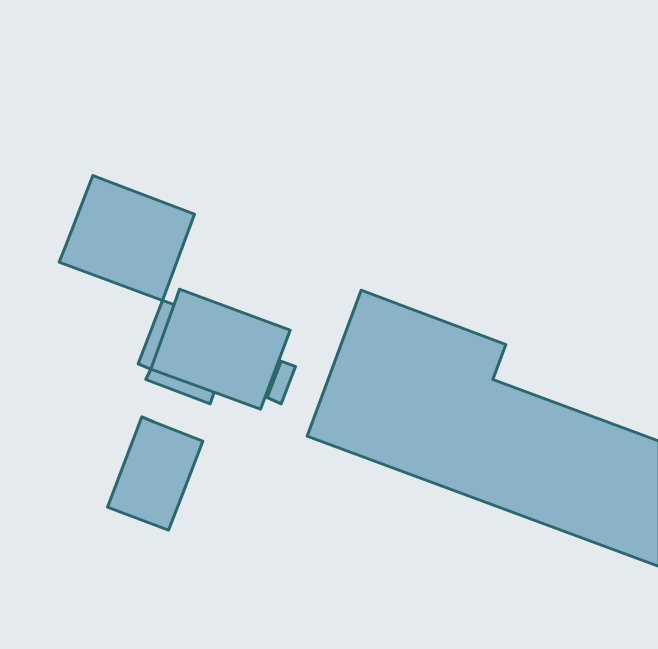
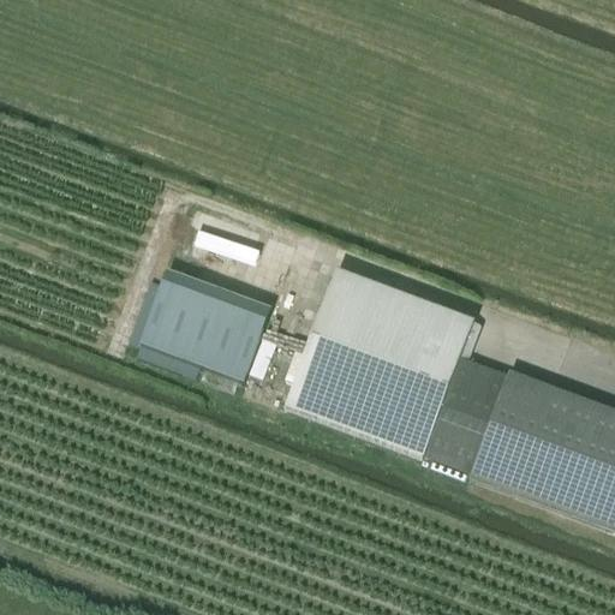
building: [59,176,194,301] -> none
building: [108,417,203,530] -> none

